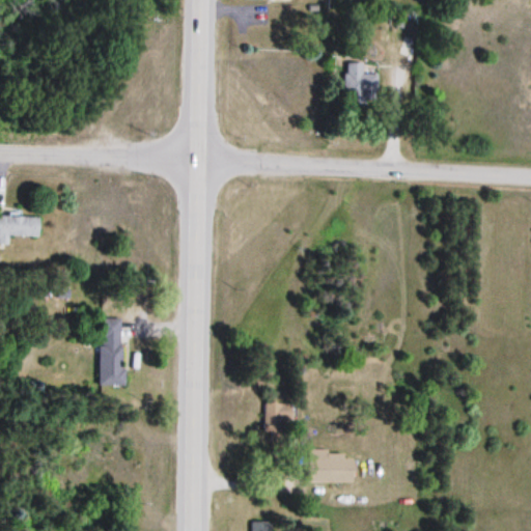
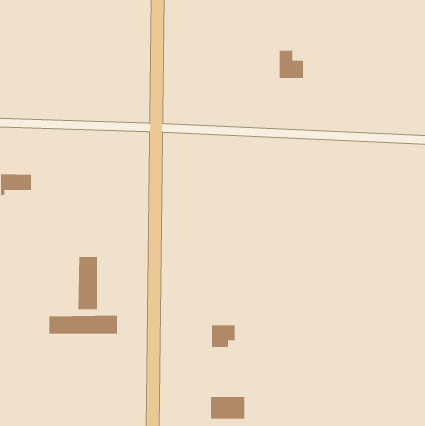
building: none -> [49,315,117,335]
building: [313,454,357,482] -> [210,397,245,419]

